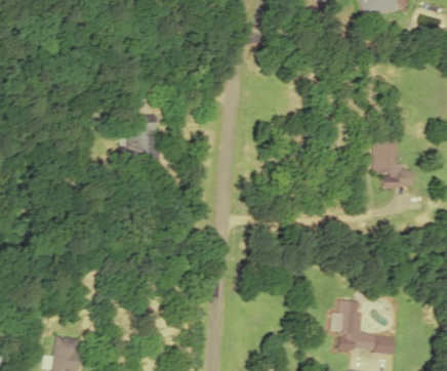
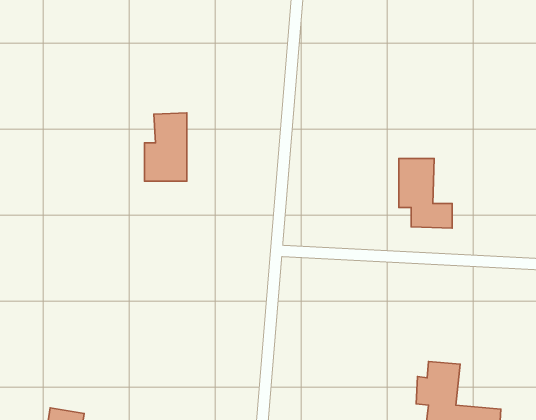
building: [373,135,413,188] -> [399,158,452,228]

